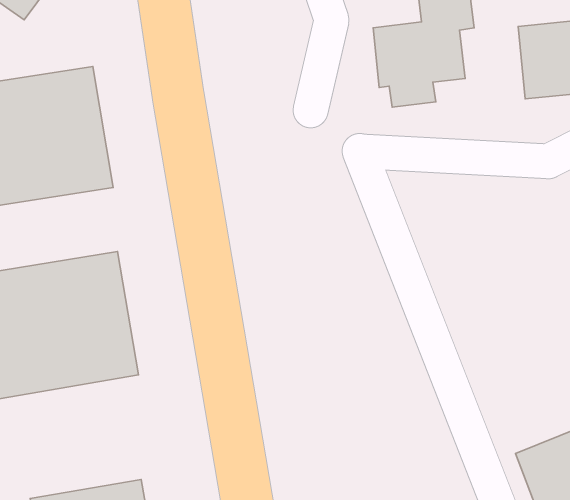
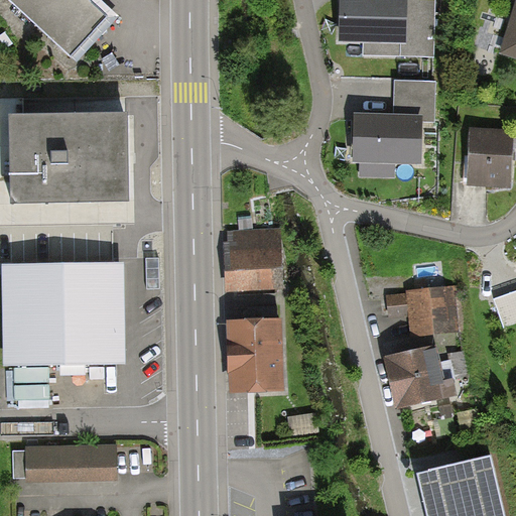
building: none -> [222,228,282,289]
building: none -> [387,292,446,333]
building: none -> [226,314,283,392]
building: none -> [387,352,467,407]

